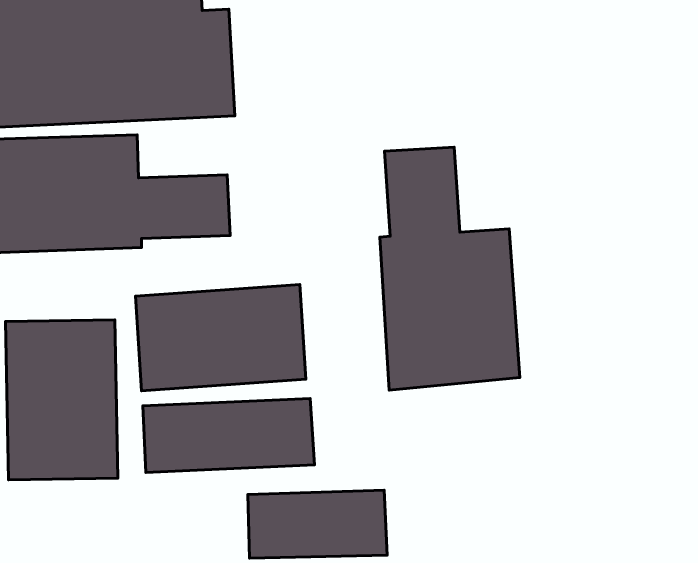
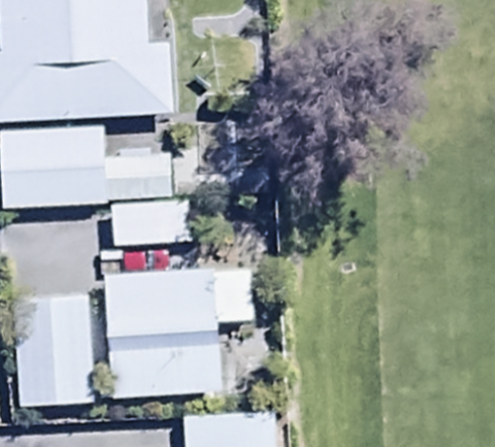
building: [380,147,520,390] -> none

